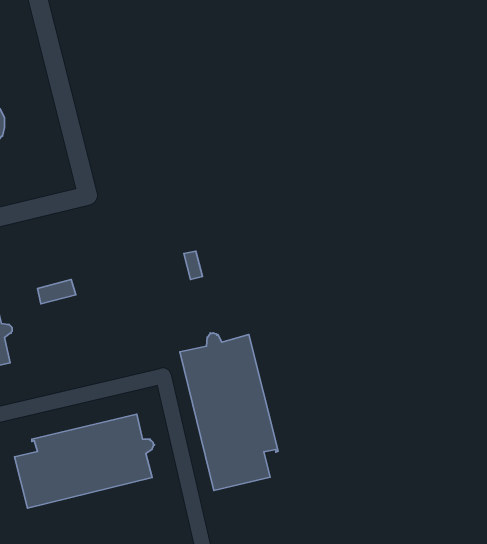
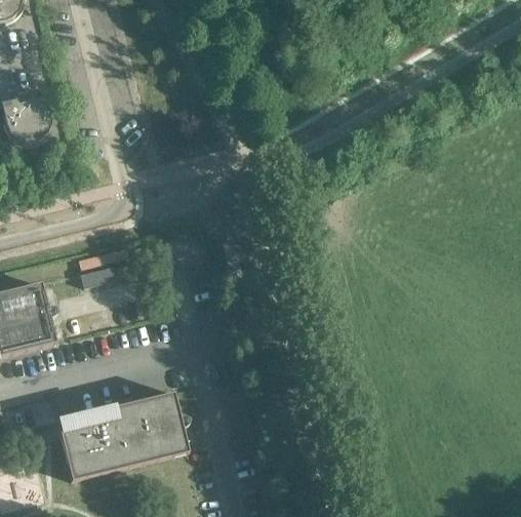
building: [180,333,278,491] -> none

